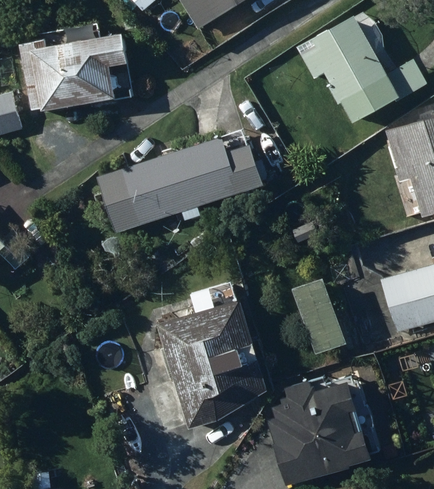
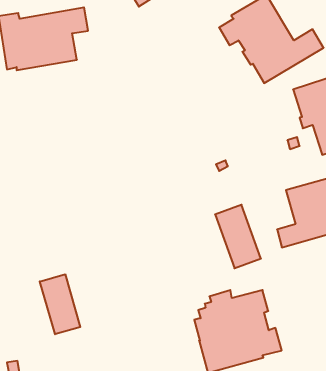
building: [96,136,267,232] -> none
building: [159,284,270,428] -> none
building: none -> [40,274,80,334]

